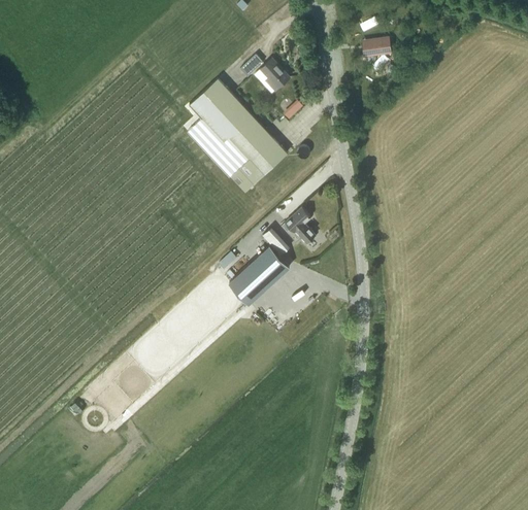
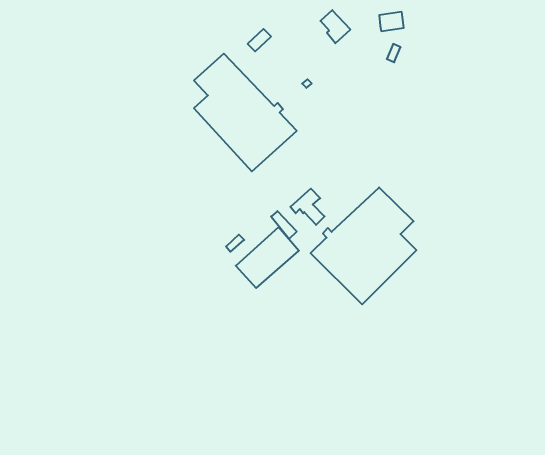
building: [259,59,288,91] -> [320,10,350,43]
building: none -> [311,187,416,304]

